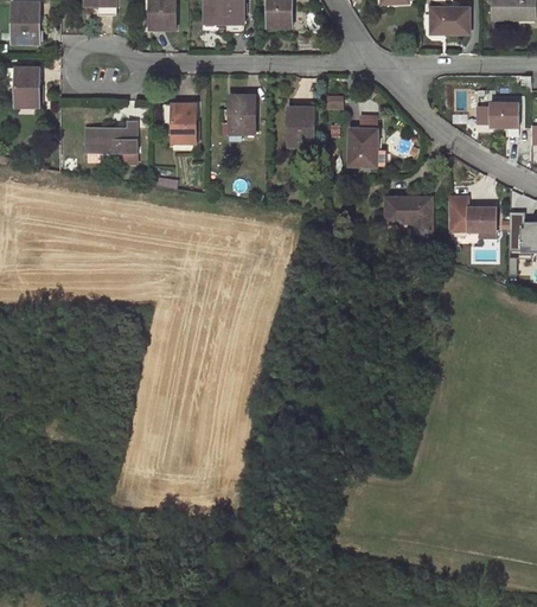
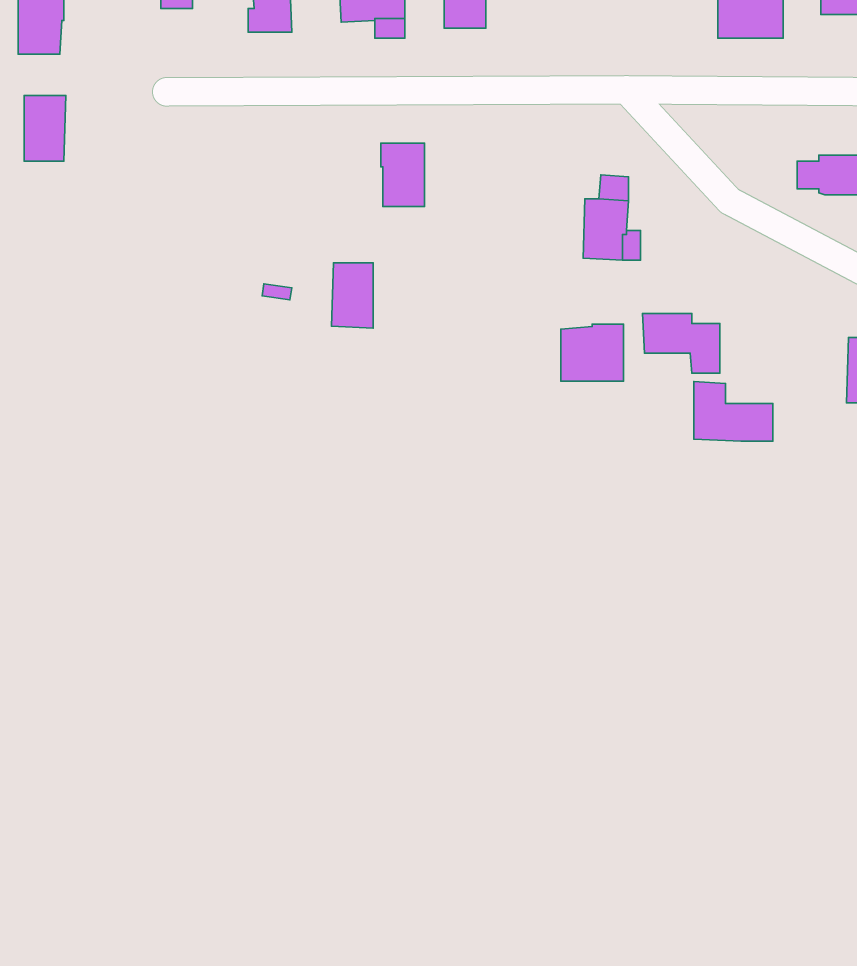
building: [171,104,196,143] -> [331,263,373,328]
building: [288,108,314,146] -> none
building: [85,122,136,162] -> none
building: [448,196,496,231] -> [694,382,773,441]
building: none -> [561,324,624,381]

